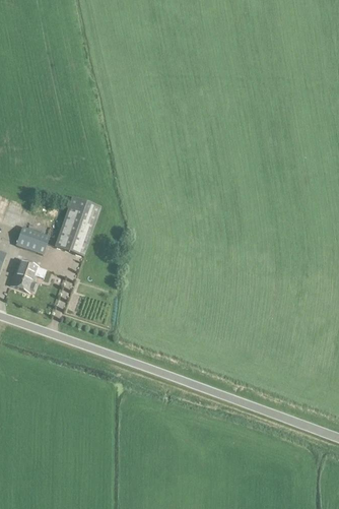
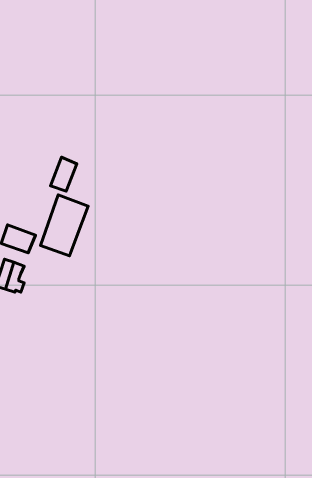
building: none -> [51,157,77,191]

